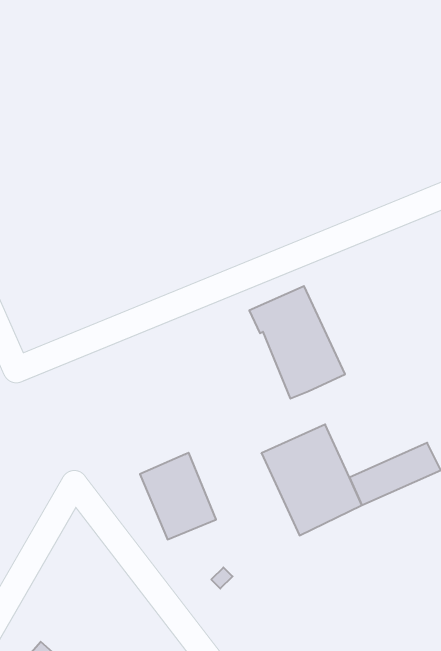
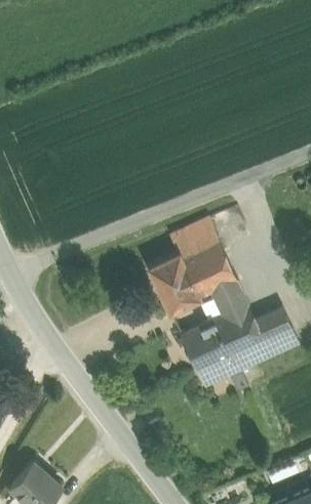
building: none -> [212,282,293,351]
building: [140,453,216,539] -> [149,253,200,311]

